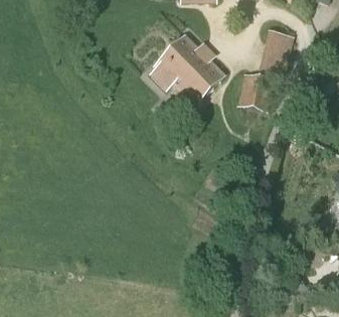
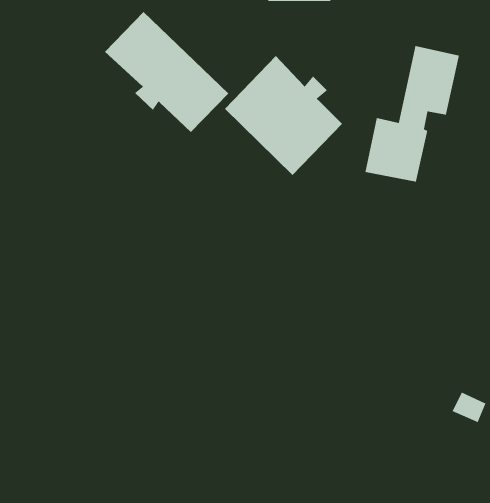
building: none -> [104,11,229,133]

